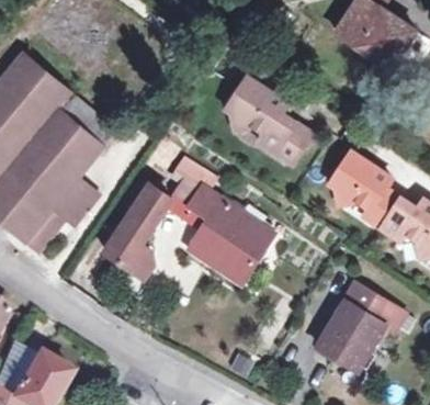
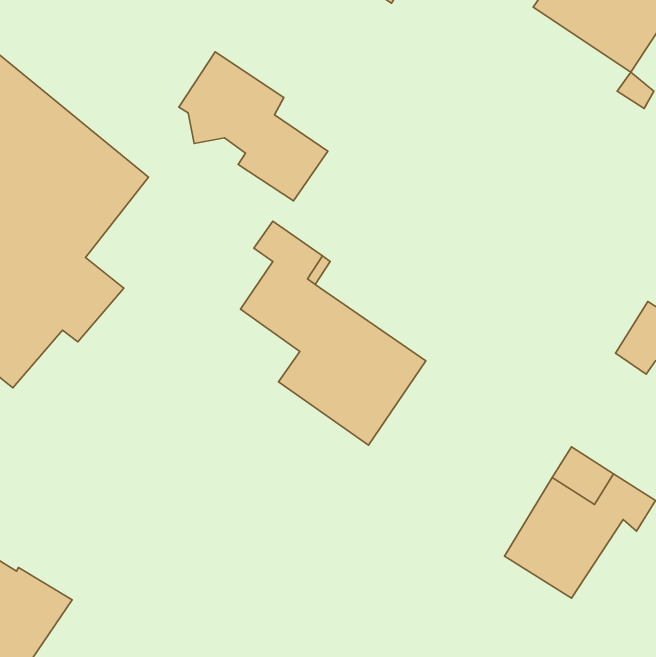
building: [226,78,312,164] -> [179,52,328,201]
building: [330,153,400,229] -> none
building: [104,182,170,277] -> none

